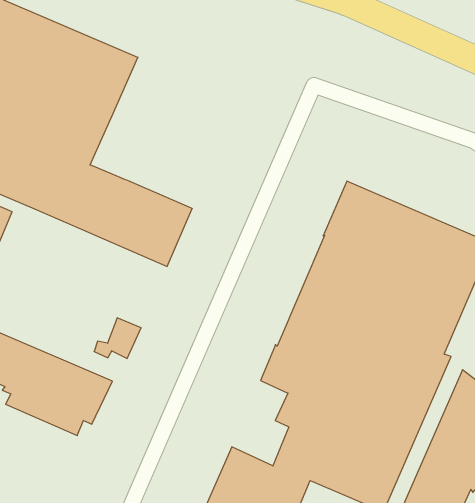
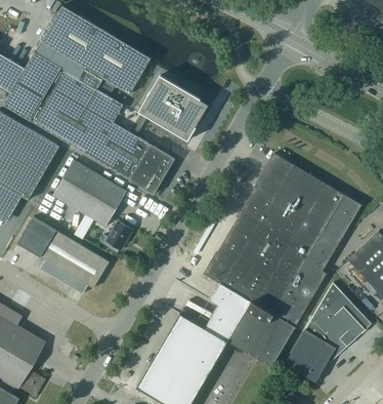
building: none -> [134,76,209,140]
building: none -> [53,160,127,227]

